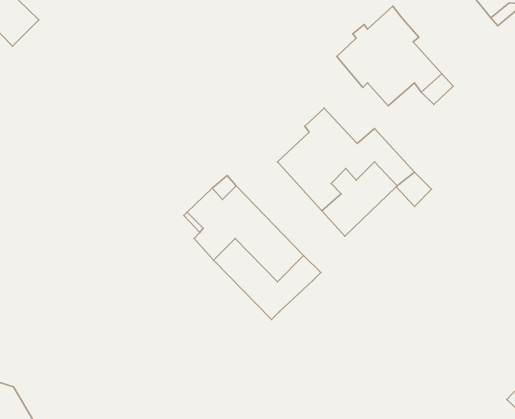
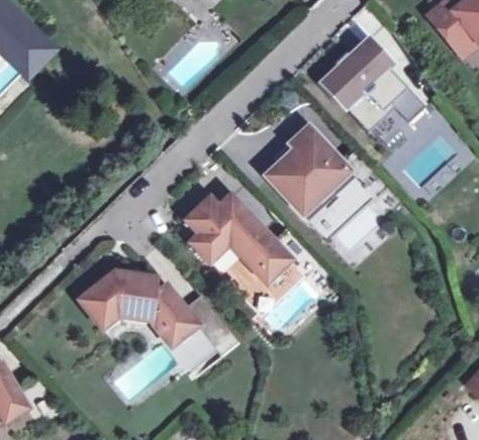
building: none -> [79,270,237,352]

